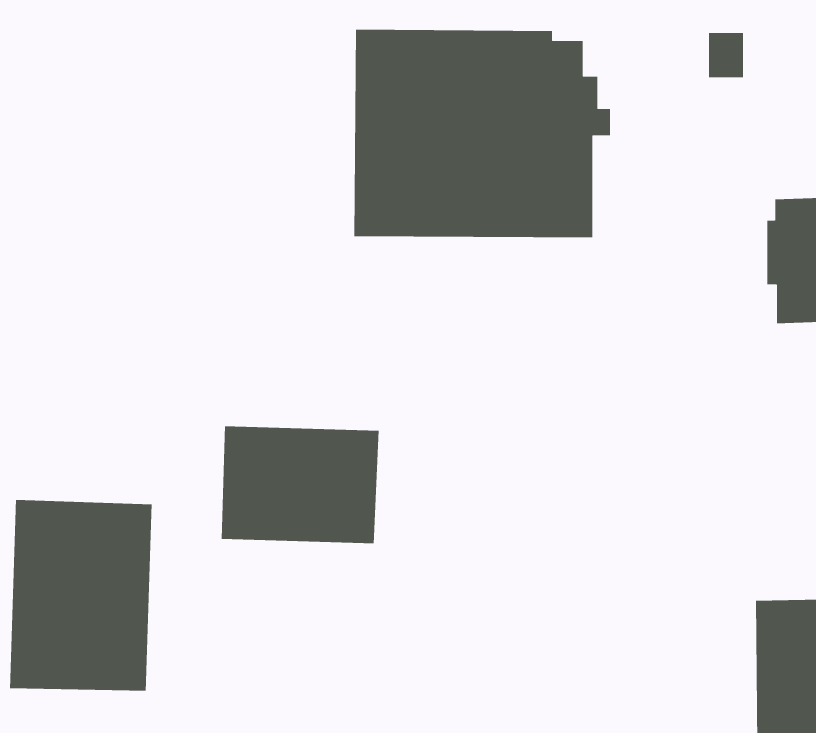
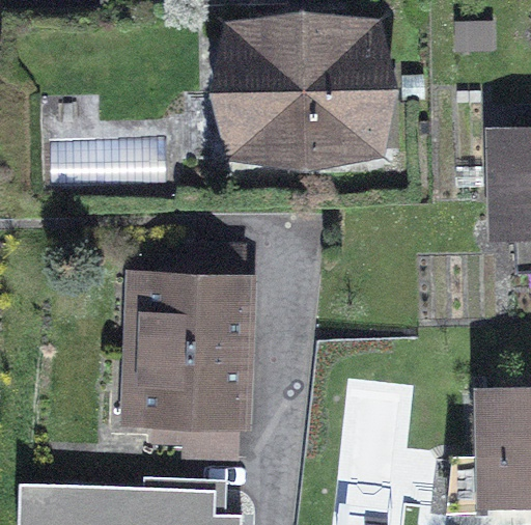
building: [10,499,152,692] -> none
building: none -> [142,350,244,426]

